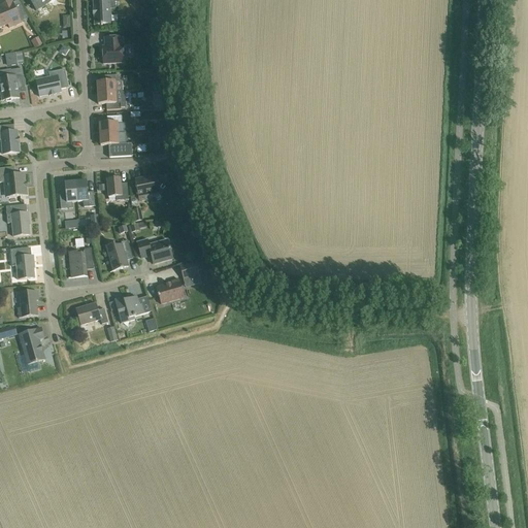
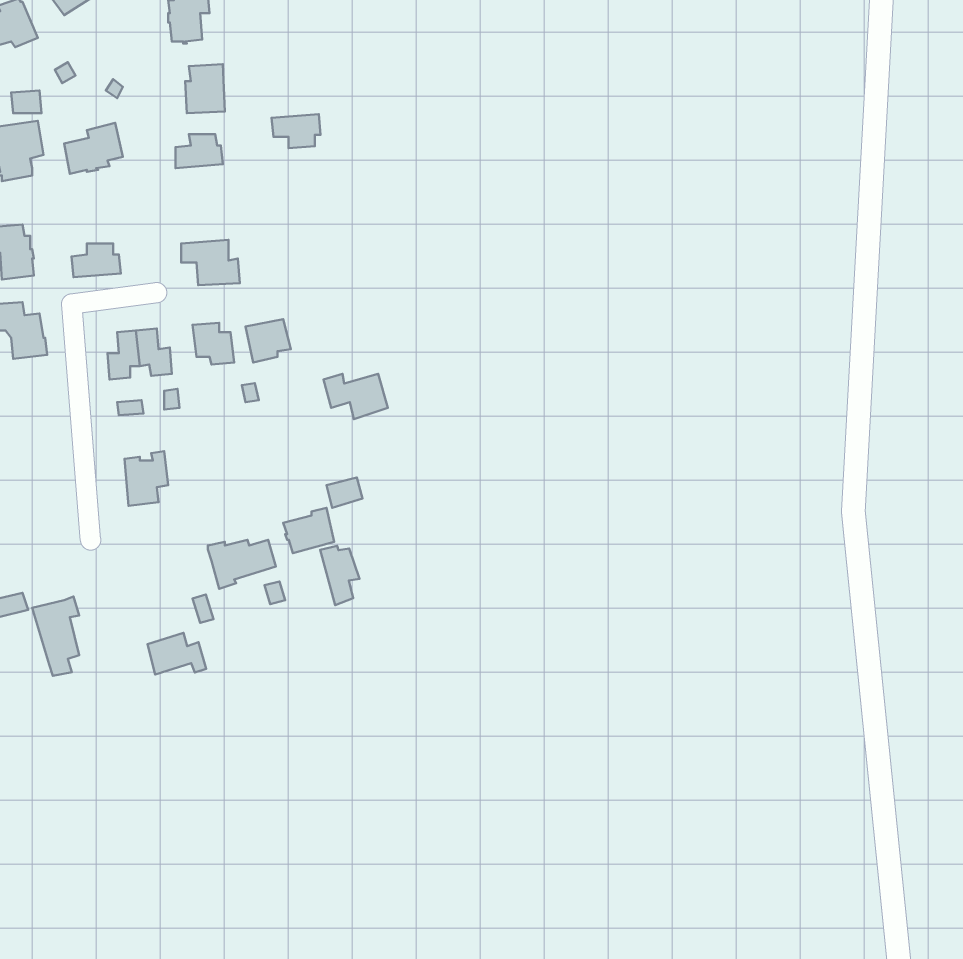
building: [96,90,123,108] -> [272,114,321,148]
building: [98,114,125,133] -> [72,243,121,277]
building: [5,203,29,235] -> none
building: [105,238,131,269] -> none
building: [136,238,171,263] -> [324,374,388,419]
building: [9,245,34,278] -> none
building: [16,289,37,317] -> none
building: none -> [320,546,359,605]
building: [75,301,107,324] -> [148,633,206,674]

